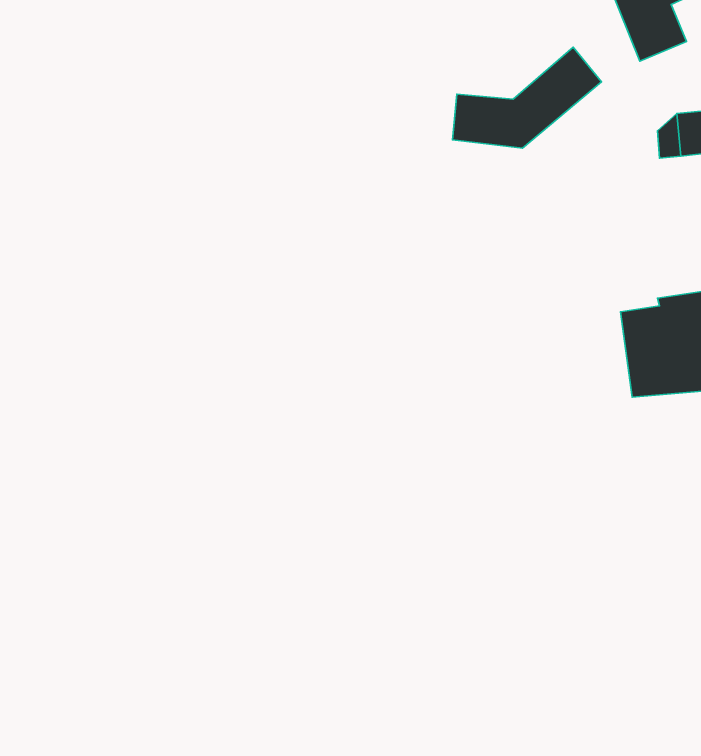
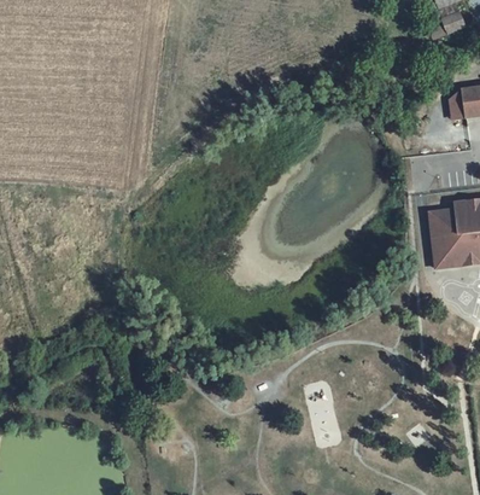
building: [452,47,602,148] -> none

